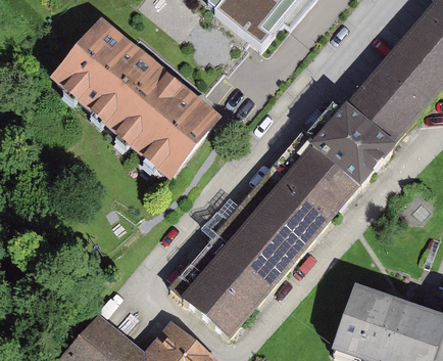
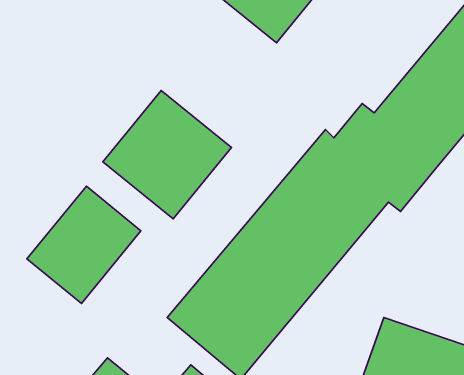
building: [49,33,162,145] -> none
building: none -> [27,186,141,303]

